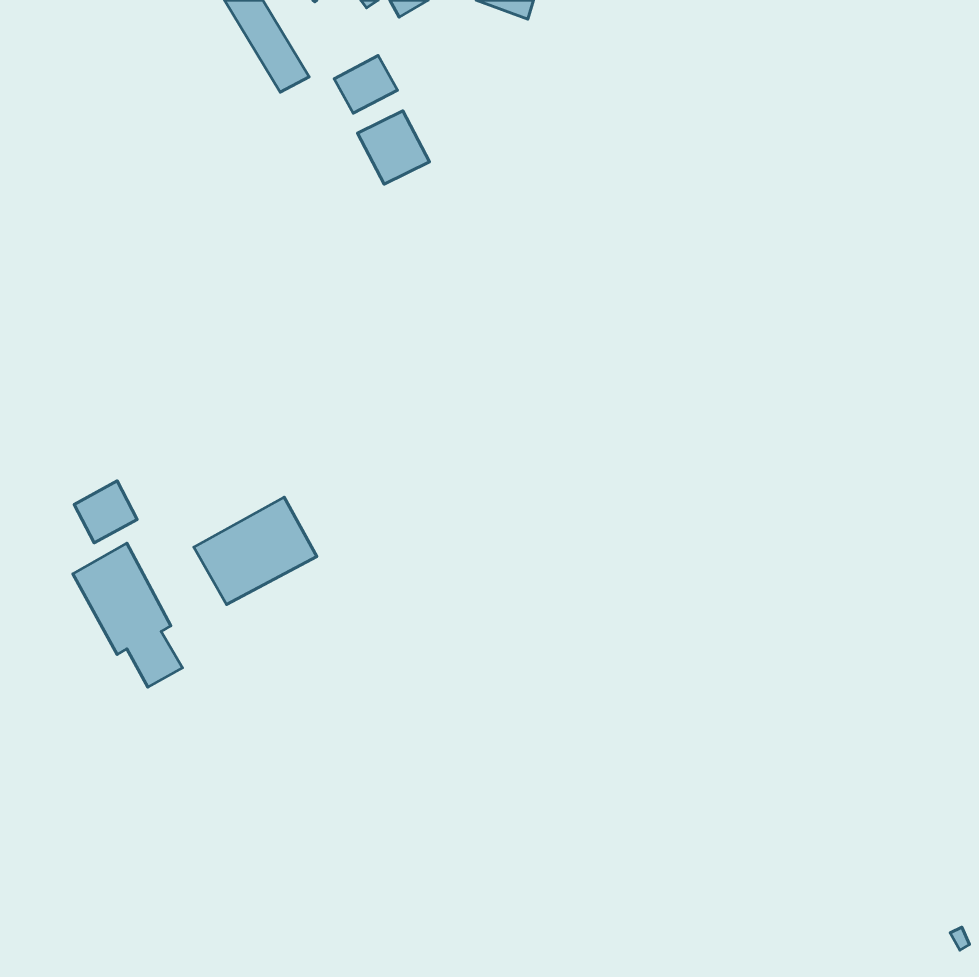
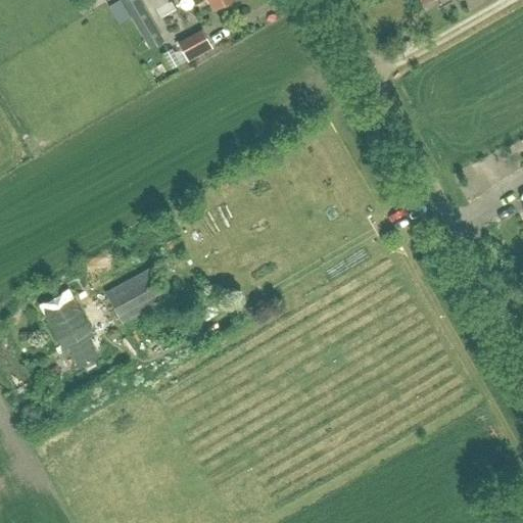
building: [358,111,430,184] -> none
building: [74,481,137,543] -> none

